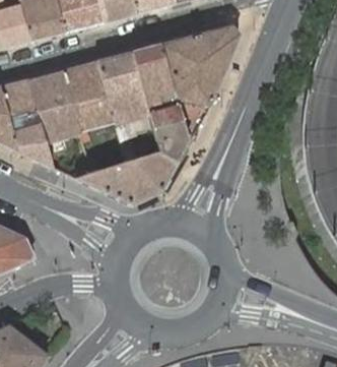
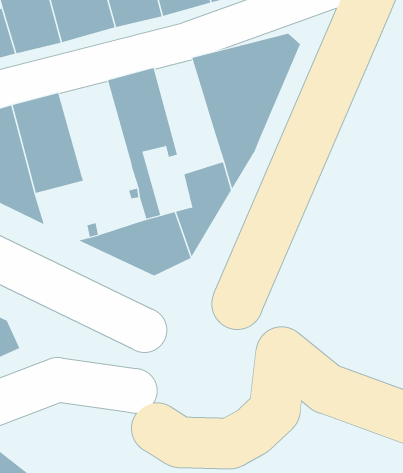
building: [132,44,183,129] -> none
building: [62,60,115,157] -> none

